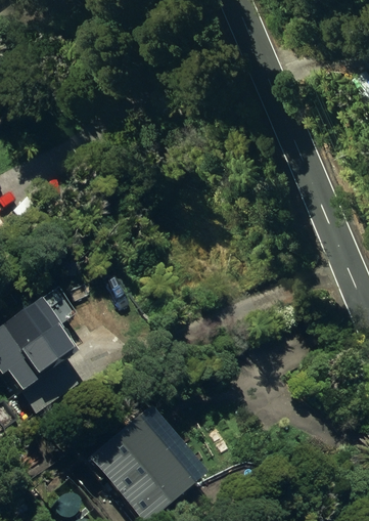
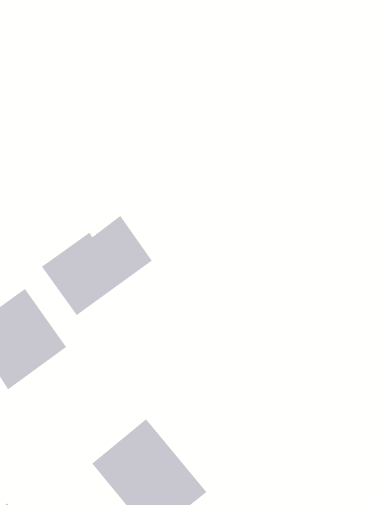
building: none -> [41,215,153,316]

